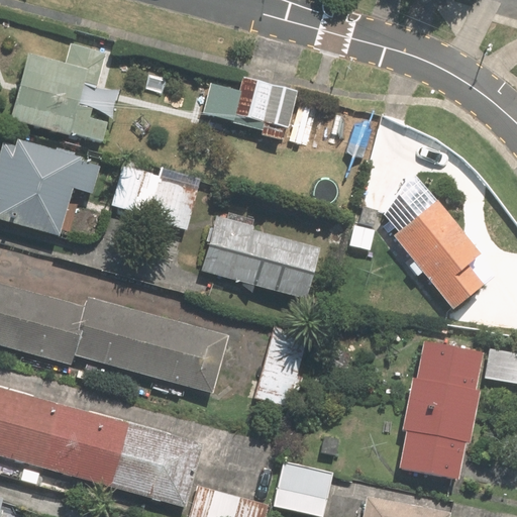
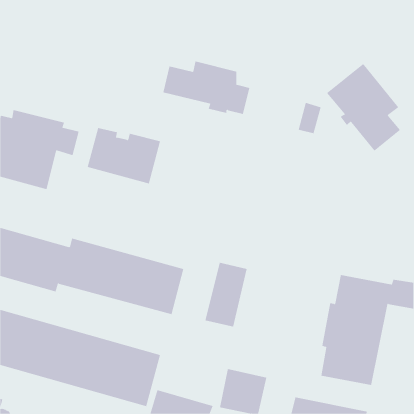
building: [10,43,117,144] -> none
building: [392,199,485,309] -> [326,63,401,152]
building: [201,214,322,300] -> none

